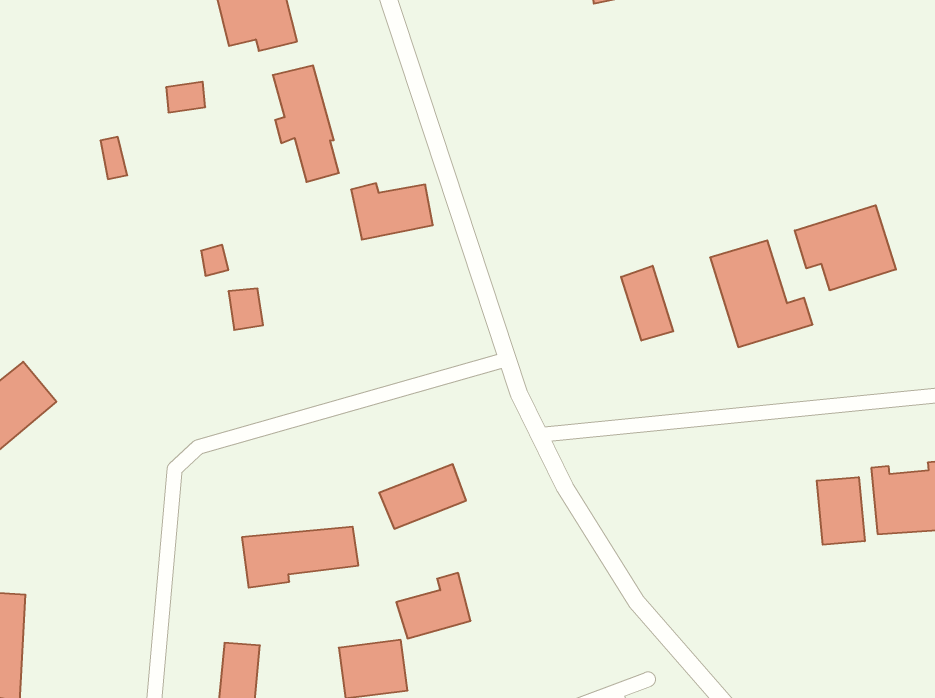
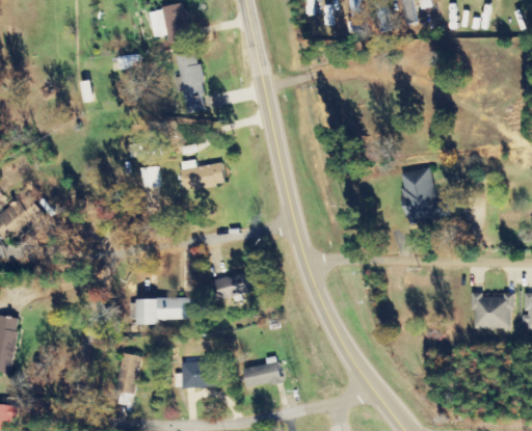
building: [351,183,433,240] -> [182,160,223,189]
building: [795,205,896,290] -> none
building: [621,266,673,341] -> none
building: [817,477,865,545] -> none
building: [396,573,471,638] -> [242,356,281,388]

